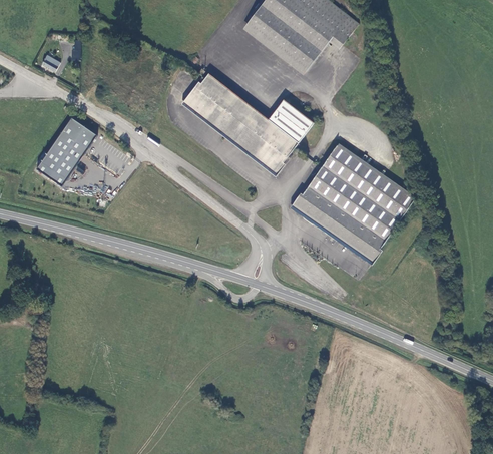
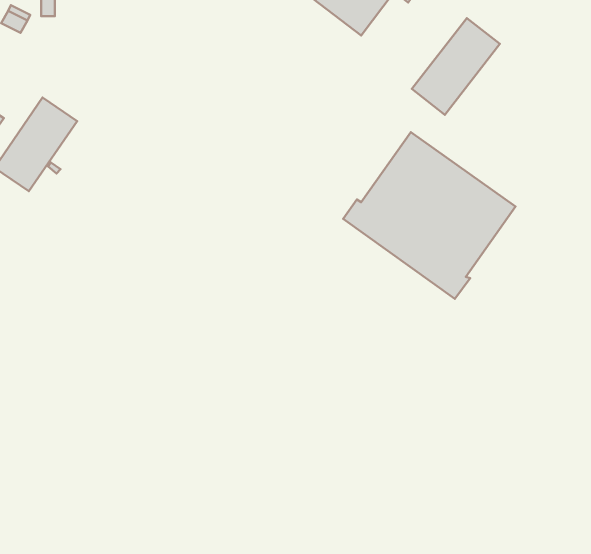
building: none -> [412,18,500,115]
building: [181,73,314,174] -> none

